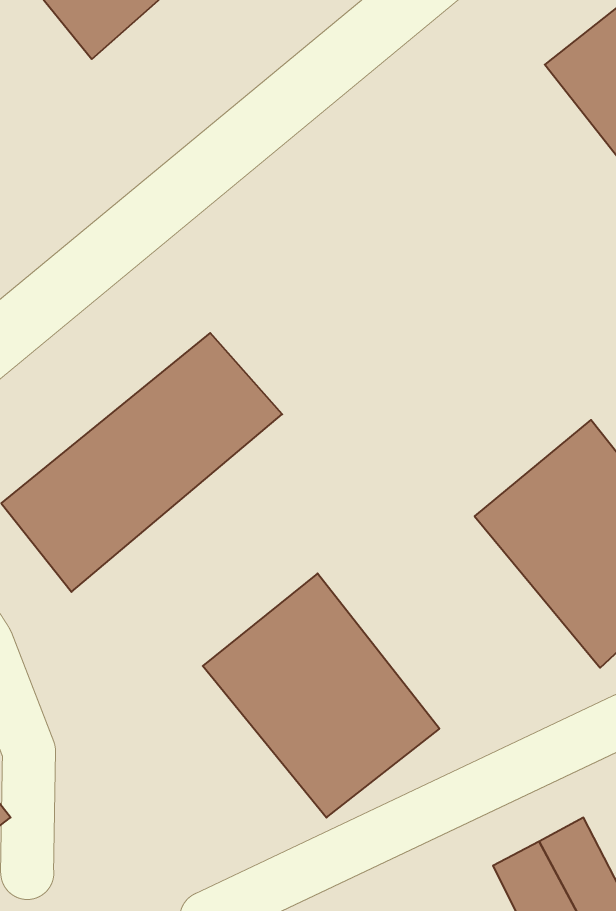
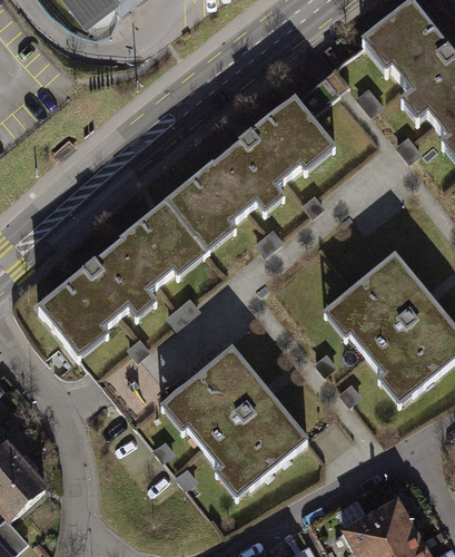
building: none -> [167,95,338,250]

